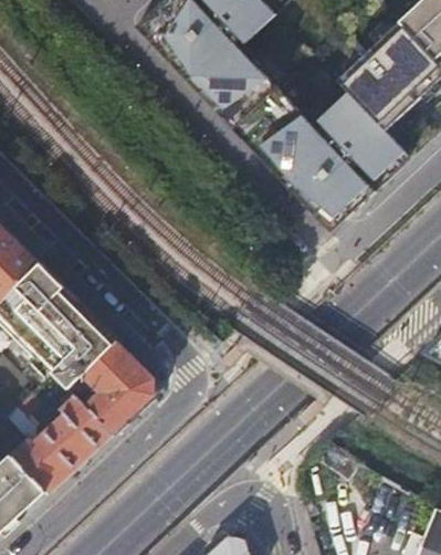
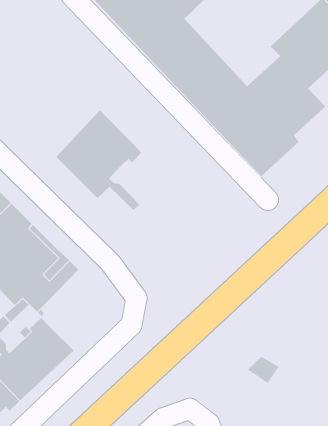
building: none -> [55,109,142,211]
building: [84,339,156,433] -> none

